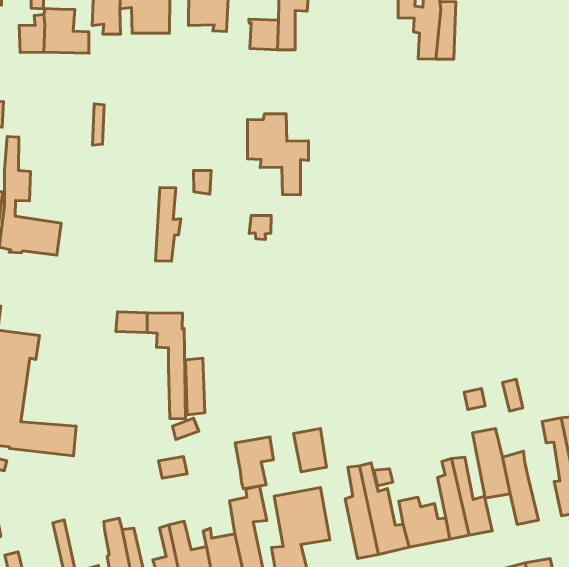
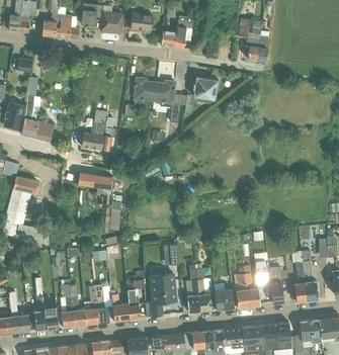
building: none -> [193,76,218,102]
building: none -> [133,76,156,104]
building: none -> [81,109,107,149]
building: [235,437,273,489] -> none

